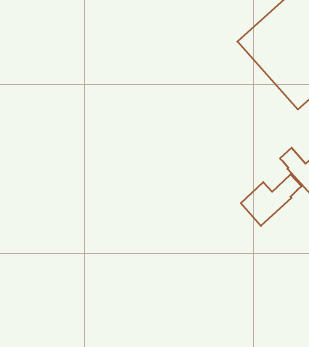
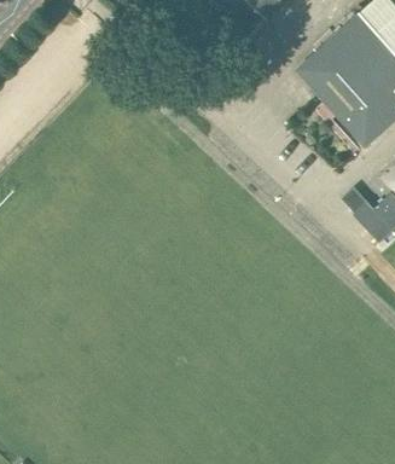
building: [241,174,302,226] -> none

